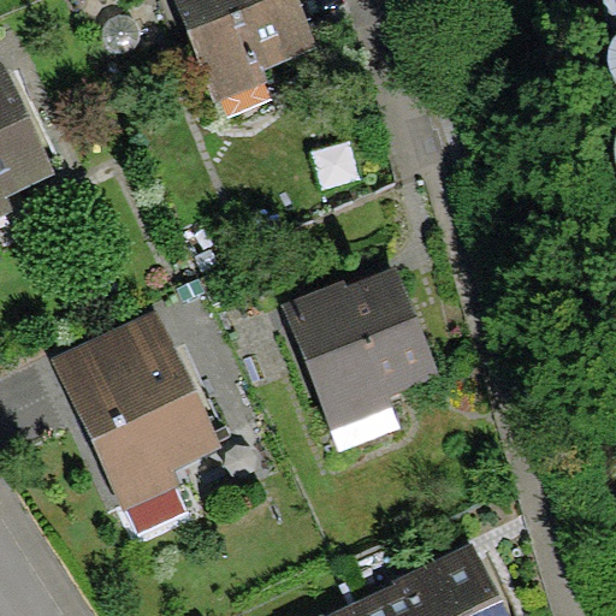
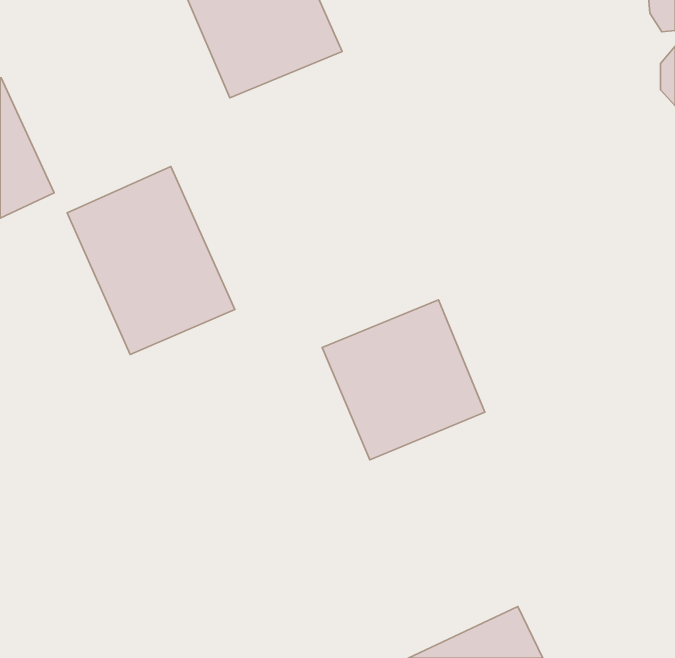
building: none -> [67,167,235,355]
building: [76,342,212,497] -> none

